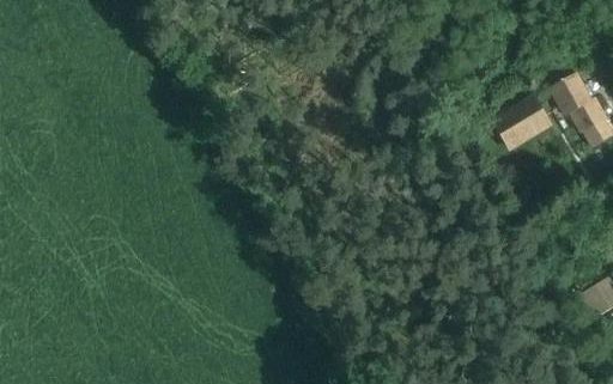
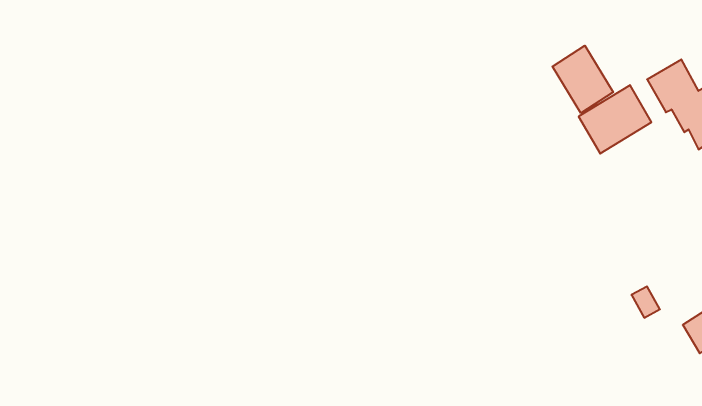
building: none -> [552,46,613,113]

